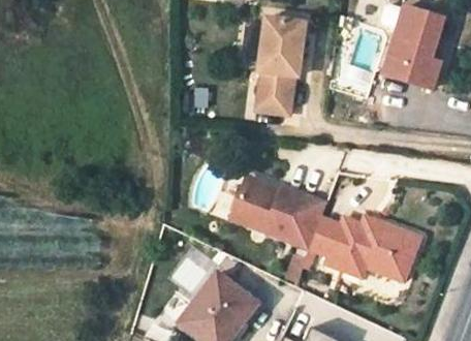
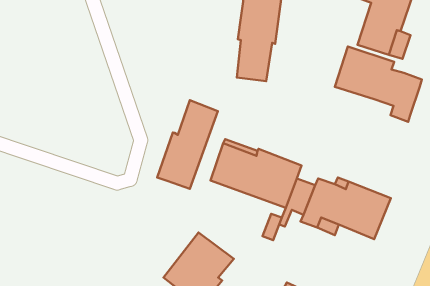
building: none -> [335,46,422,122]
building: none -> [157,100,218,189]

